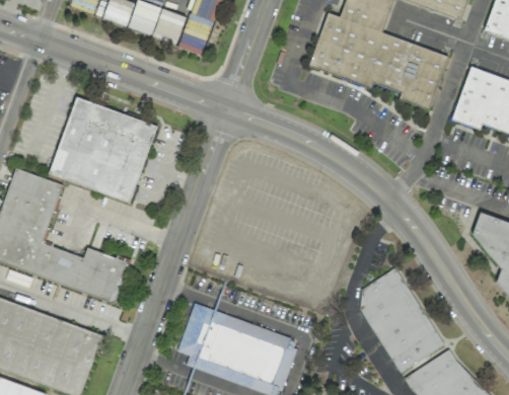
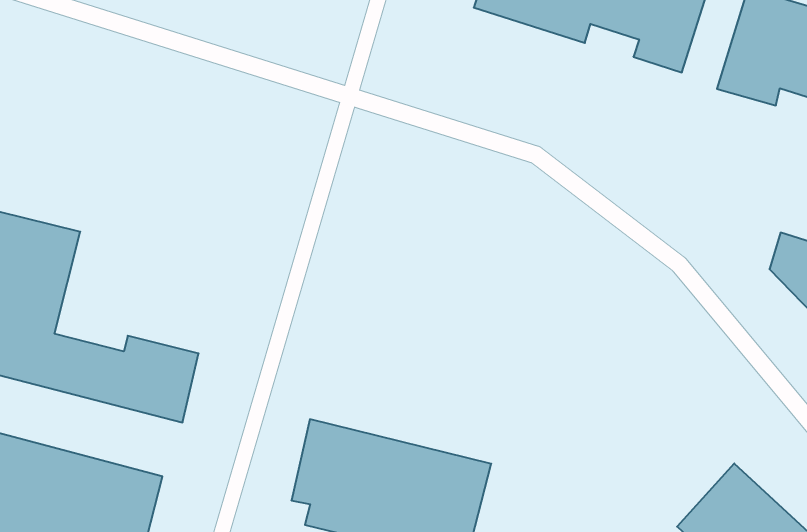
building: [49,97,156,202] -> none
building: [353,266,442,372] -> none

